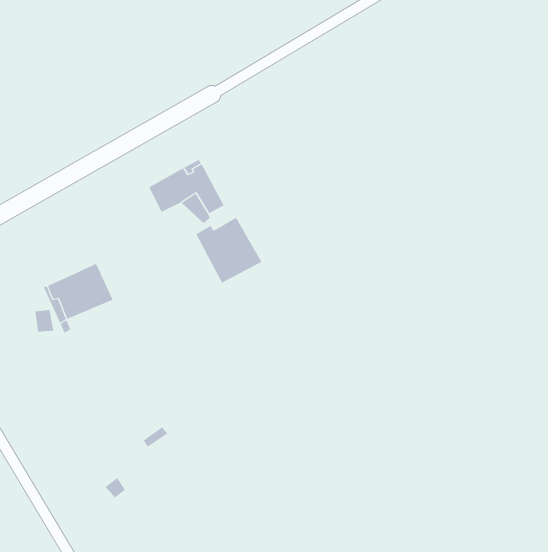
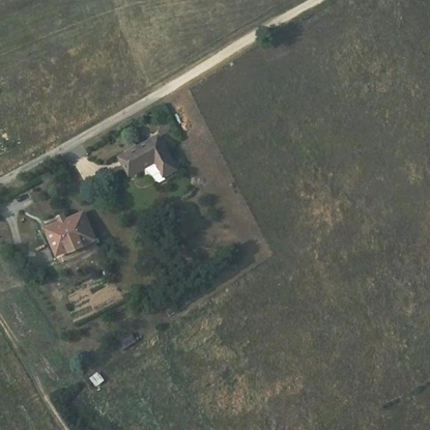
building: [195,217,262,284] -> none

